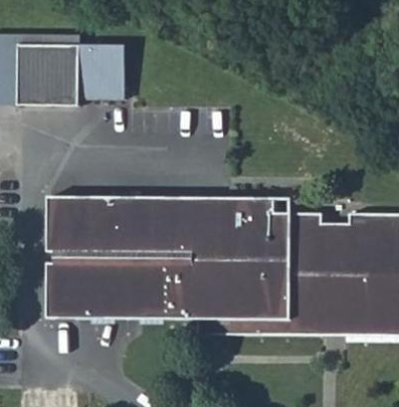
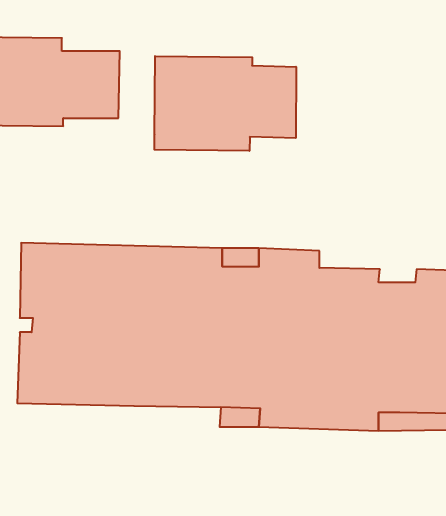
building: none -> [154,56,296,151]

